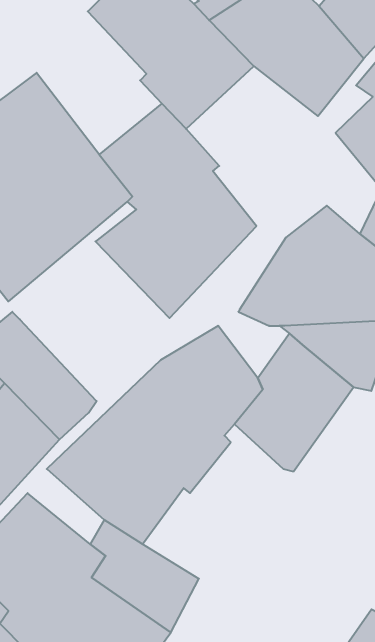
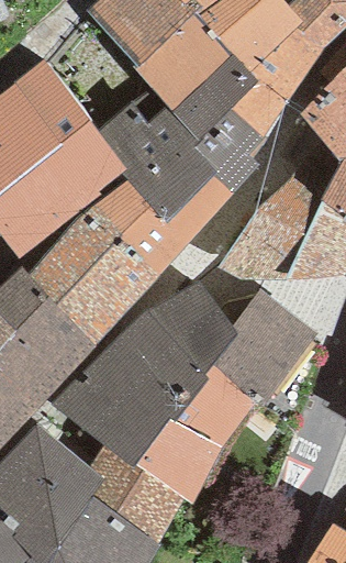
building: none -> [170,58,283,196]
building: none -> [27,209,156,346]
building: none -> [133,366,254,505]

